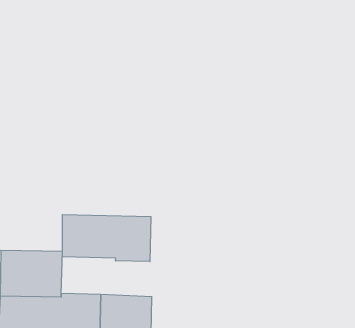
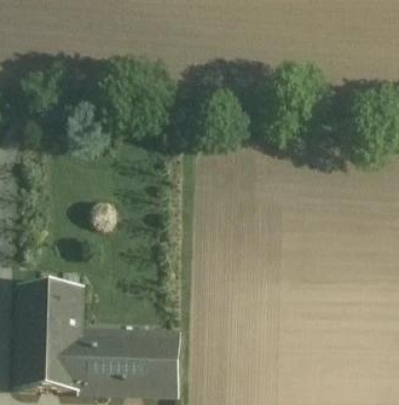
building: [62,215,151,262] -> none

